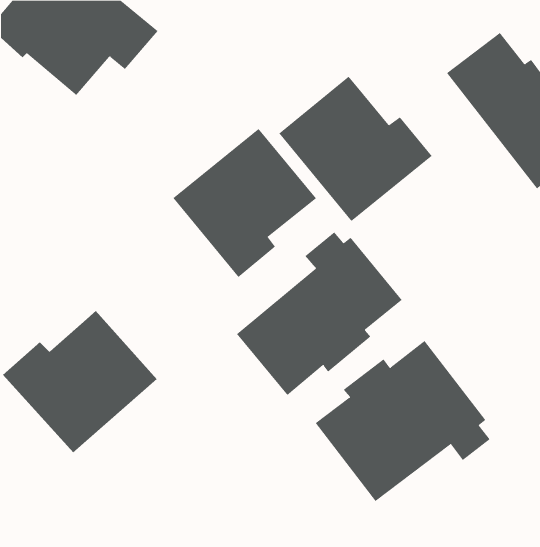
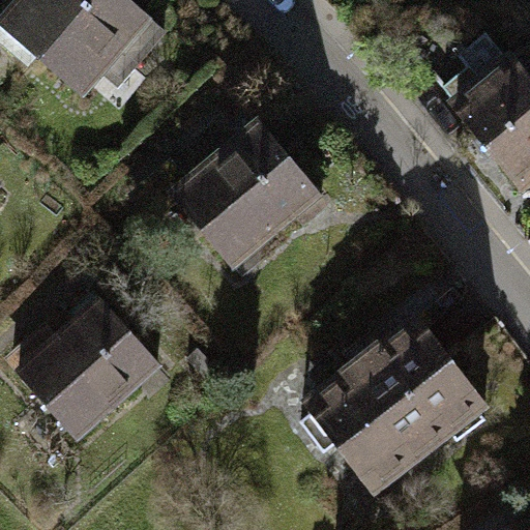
building: [278,76,433,222] -> none
building: [236,231,402,396] -> none

